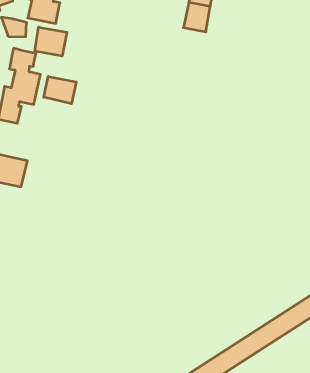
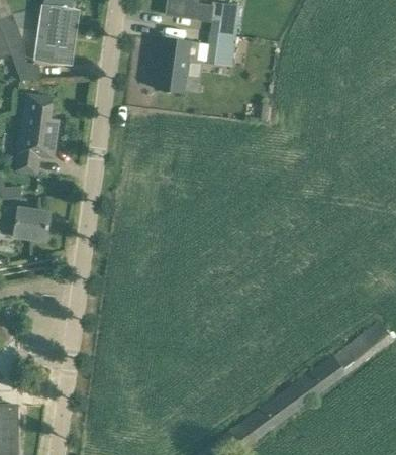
building: none -> [156,37,198,92]
building: [35,27,67,56] -> none
building: [44,76,76,104] -> none

